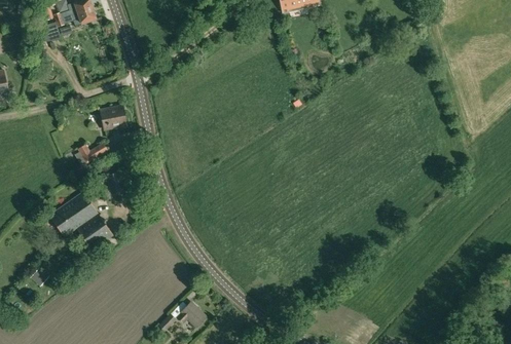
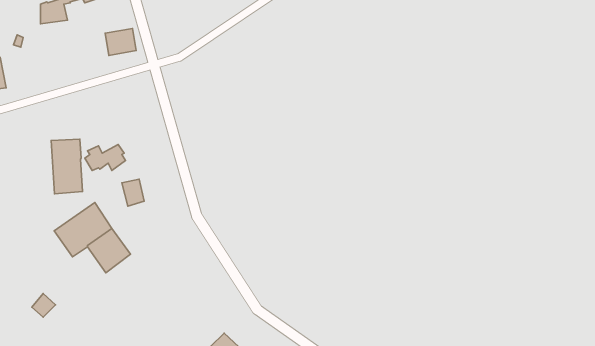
building: [101,106,126,128] -> [105,28,136,55]
building: none -> [51,139,82,194]

